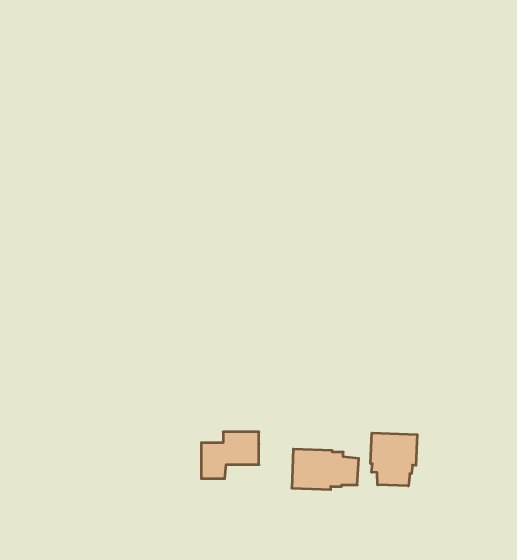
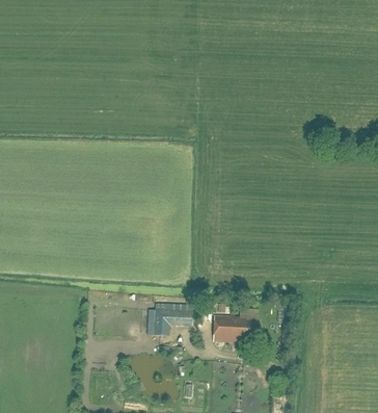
building: [371,433,417,486] -> none

